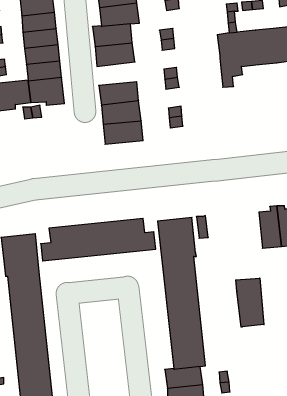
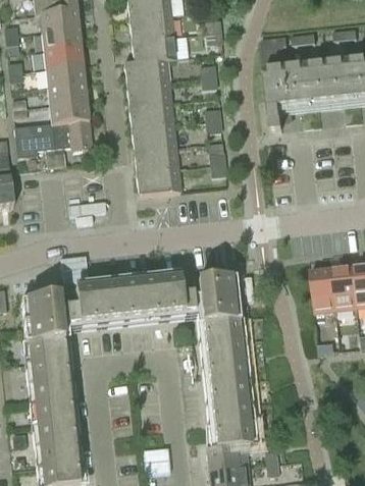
building: none -> [129,101,174,127]
building: [236,278,264,327] -> none

